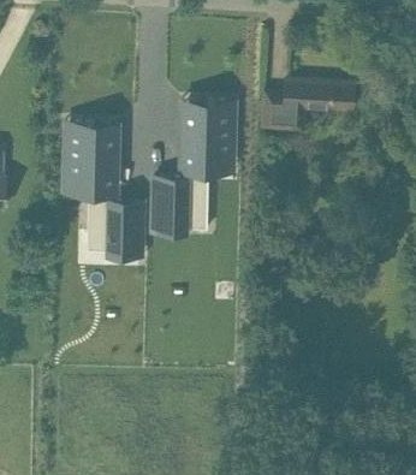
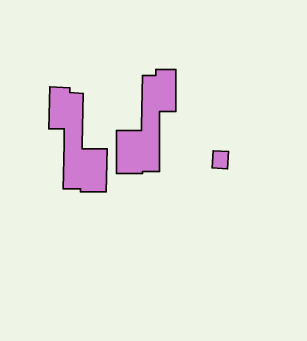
building: [262,79,352,127] -> none

